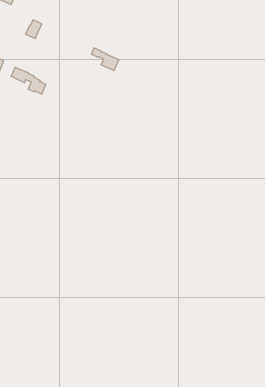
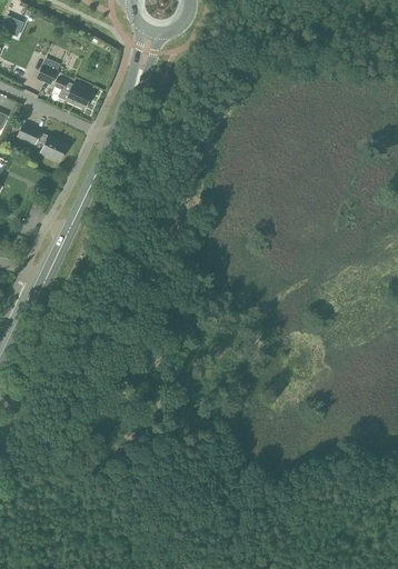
building: [91,48,119,70] -> [53,77,91,108]

